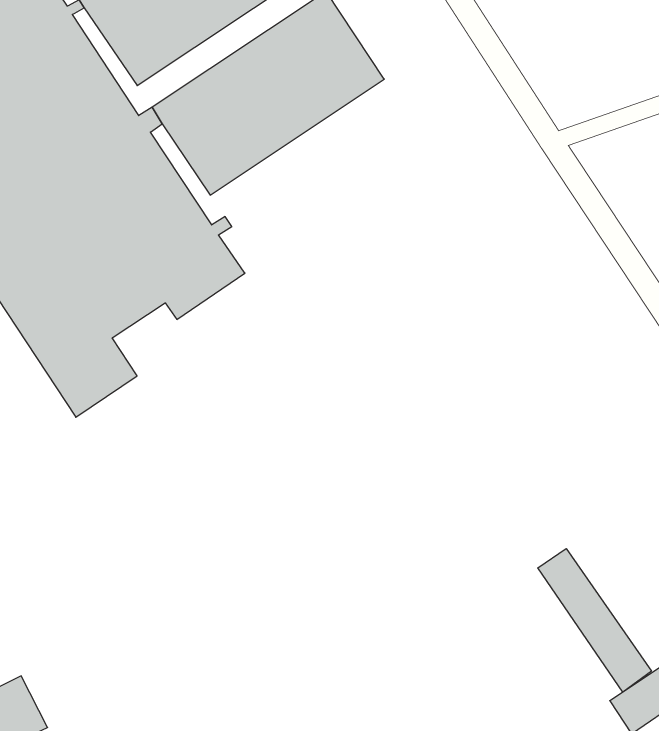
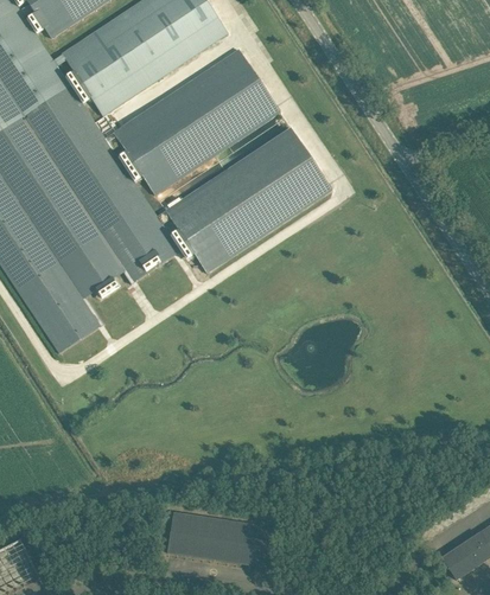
building: none -> [165,127,331,273]
building: [538,549,651,692] -> none
building: none -> [166,512,267,567]

